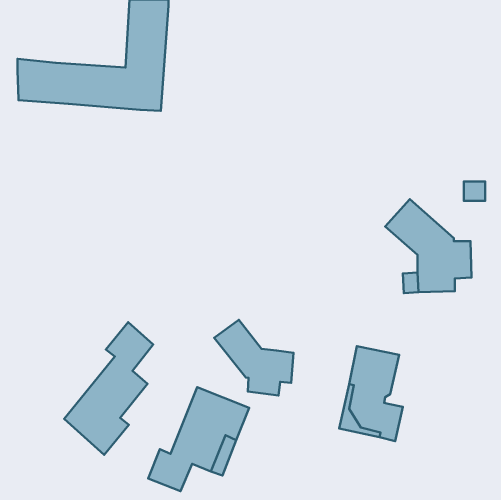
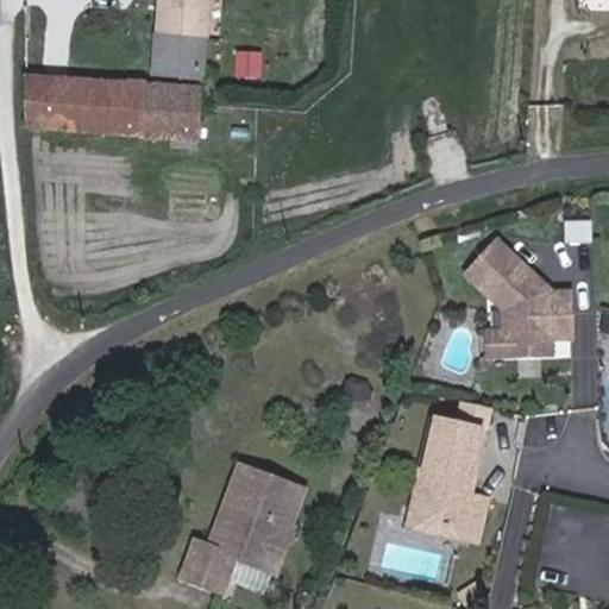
building: [214,320,293,395] -> none
building: [64,322,153,455] -> none

